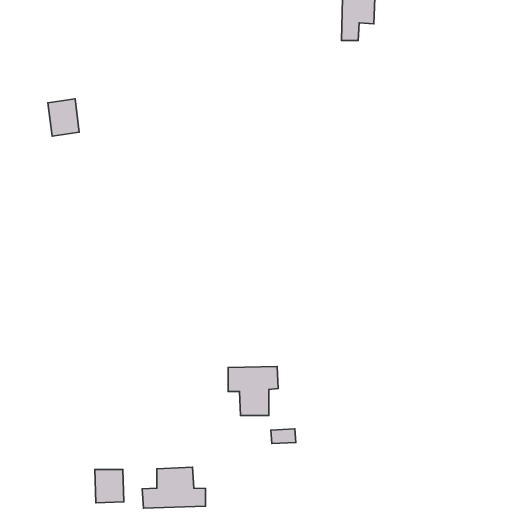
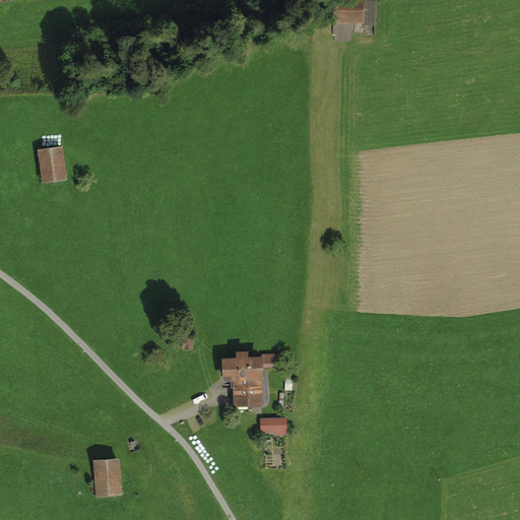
building: [48,99,79,136] -> [37,147,67,184]
building: [142,467,206,508] -> none

